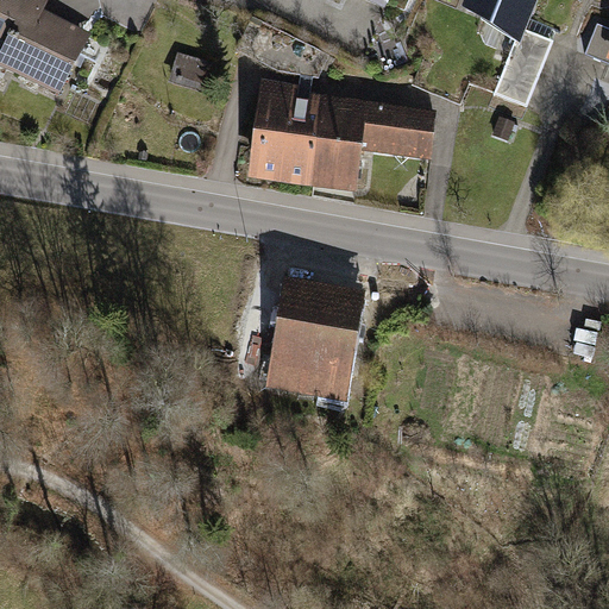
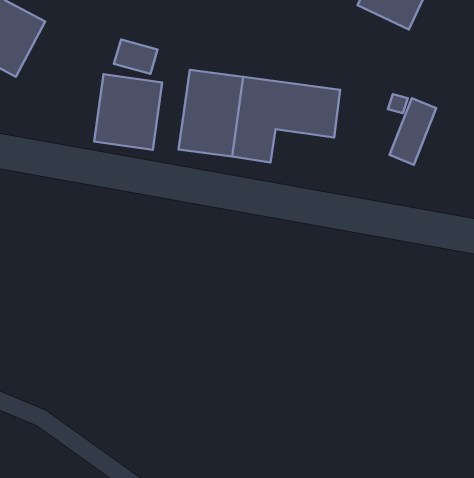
building: [496,32,551,111] -> [390,98,436,165]
building: none -> [94,74,162,150]
building: [266,275,364,397] -> none

